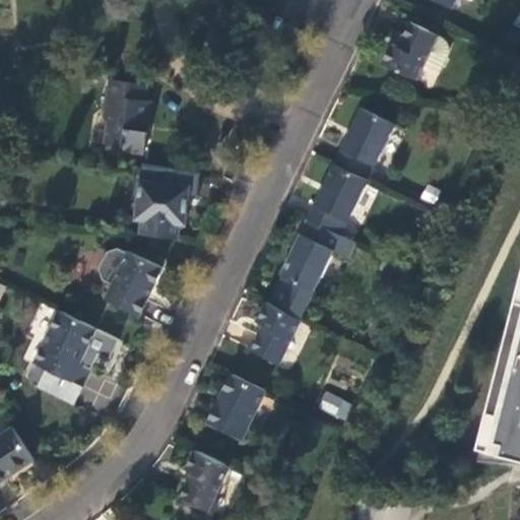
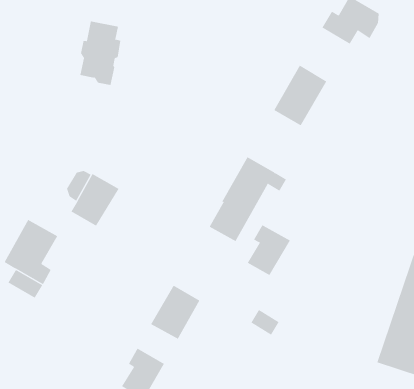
building: [307,164,367,236] -> none
building: [138,171,199,244] -> none
building: [252,303,301,362] -> [247,224,291,276]

